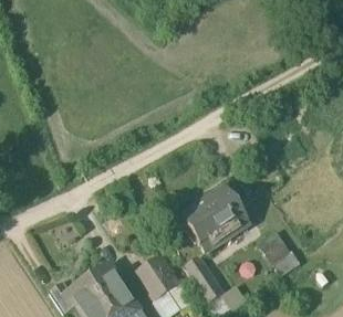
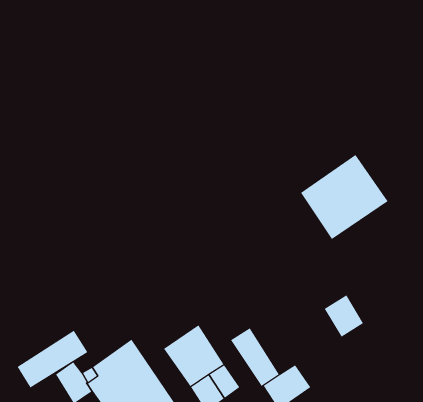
building: [183,186,251,252] -> [300,154,388,240]
building: none -> [17,330,88,389]

